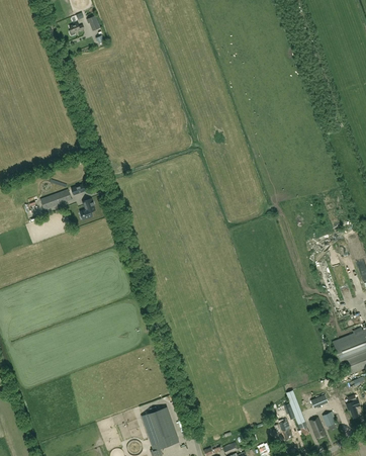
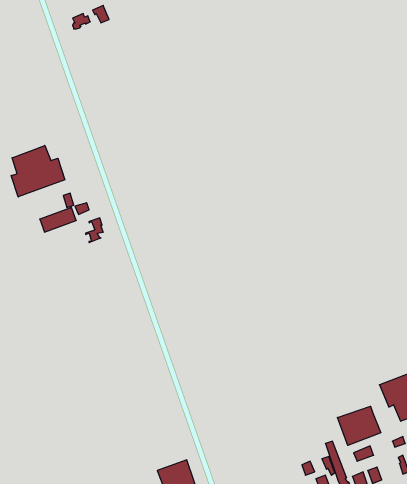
building: none -> [11,145,65,197]
building: none -> [337,406,381,445]

